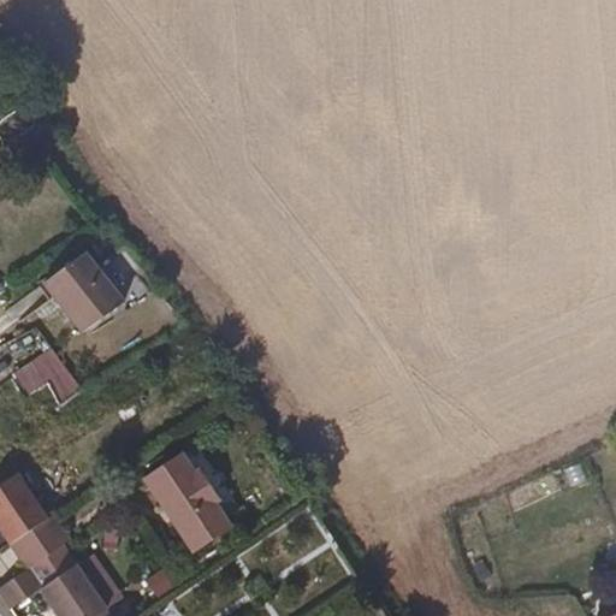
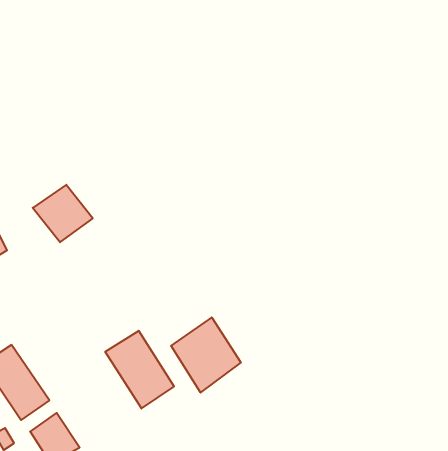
building: [7,342,81,401] -> none
building: none -> [171,317,241,393]

